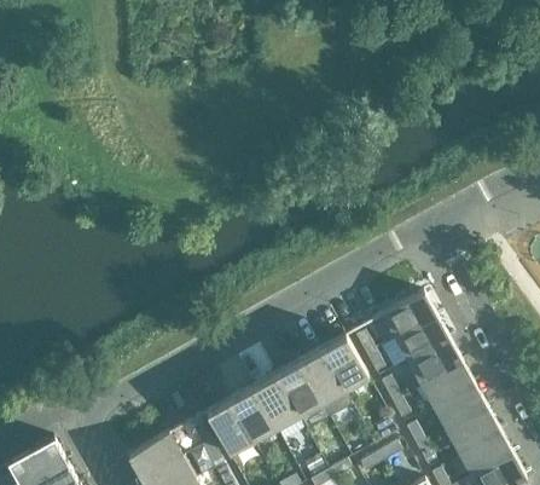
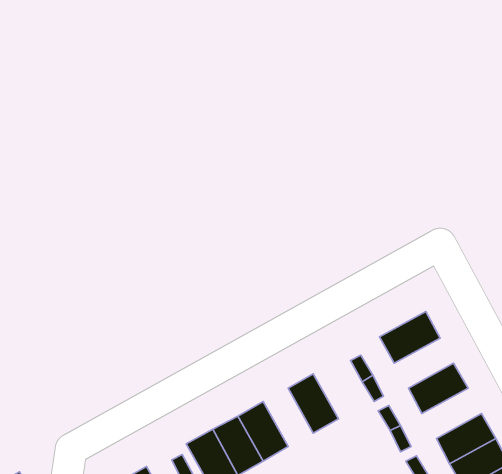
building: [395,316,449,362] -> none
building: [321,335,368,389] -> none
building: [275,362,321,415] -> none
building: [420,362,475,408] -> none

